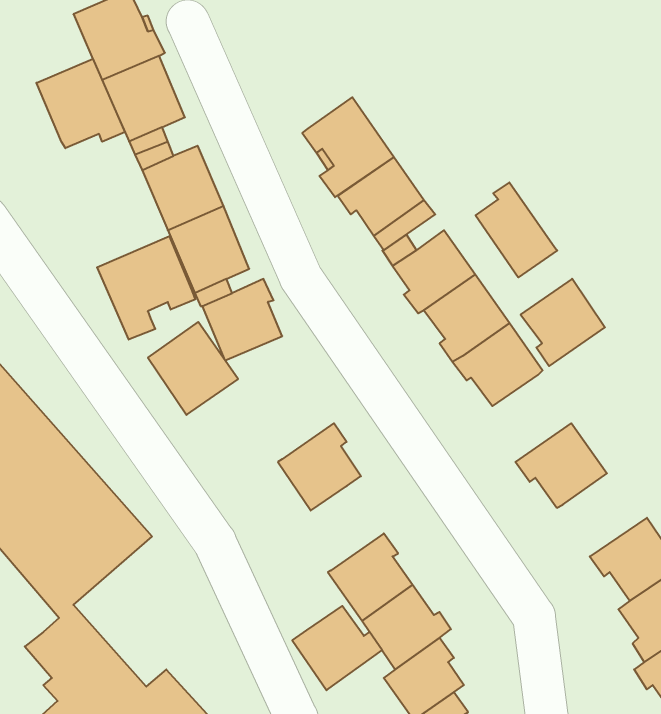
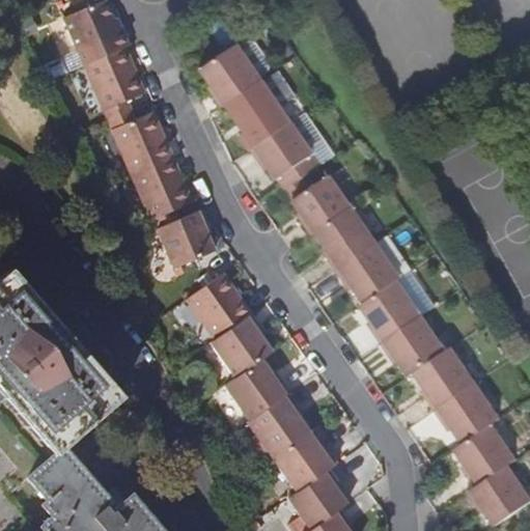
building: none -> [204,46,264,103]
building: [36,59,125,148] -> none
building: [476,182,557,277] -> none
building: [97,236,195,340] -> none
building: [521,279,605,366] -> [362,281,423,344]
building: [148,322,238,415] -> [186,275,251,342]
building: none -> [417,350,478,413]
building: [292,606,382,690] -> [224,362,289,423]

